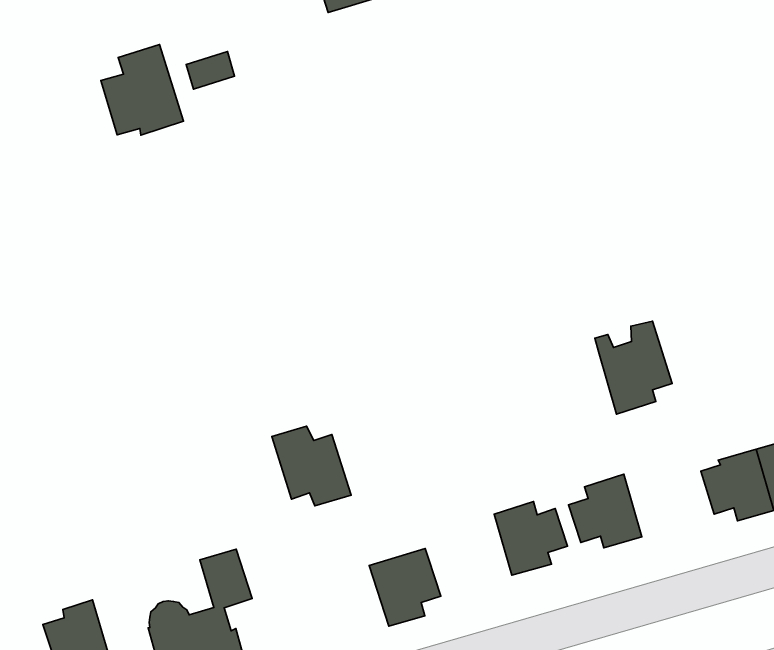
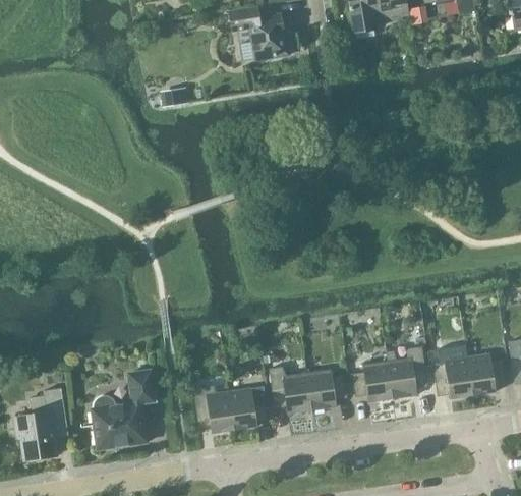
building: [101,45,184,135] -> none
building: [595,321,672,414] -> [387,346,428,398]
building: [272,426,351,506] -> [193,384,235,432]
building: none -> [270,366,312,414]

